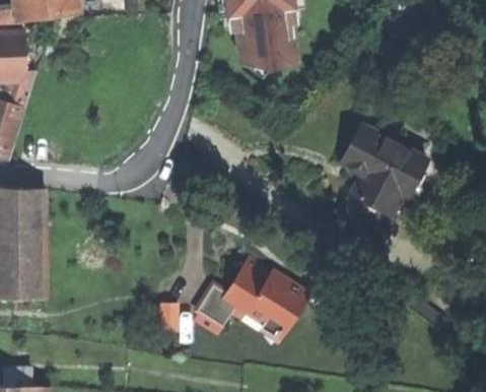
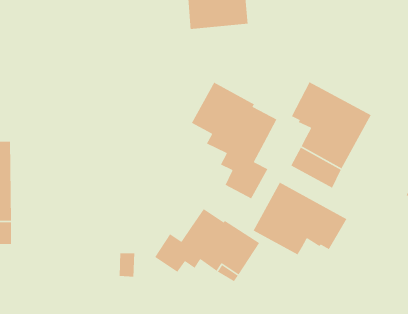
building: none -> [191,82,277,199]
building: none -> [252,181,347,255]

